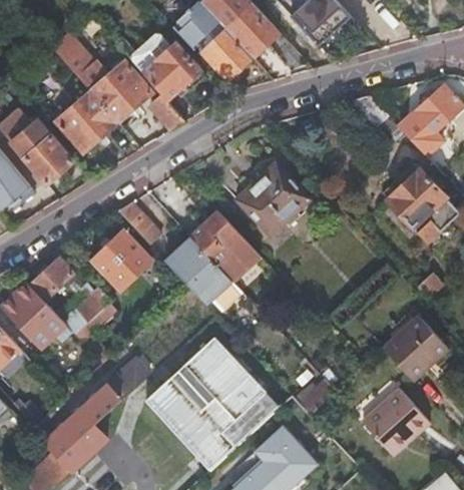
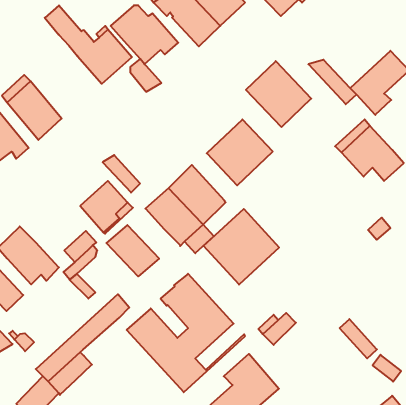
building: [55,91,117,152] -> none
building: none -> [246,61,311,127]
building: [29,259,75,301] -> none
building: none -> [204,209,279,285]
building: none -> [106,225,159,276]
building: [384,318,446,384] -> none
building: [359,397,416,455] -> none

